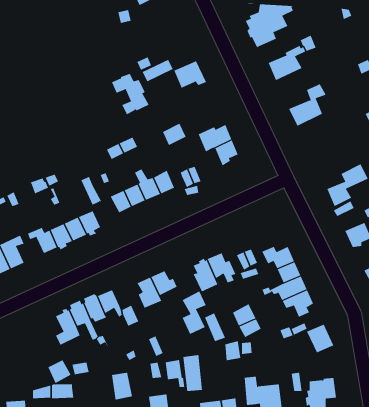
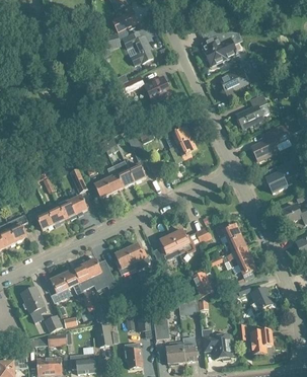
building: [111,73,149,115] -> [123,32,153,66]
building: none -> [250,123,290,160]
building: [182,291,206,335] -> none
building: none -> [22,287,48,322]

